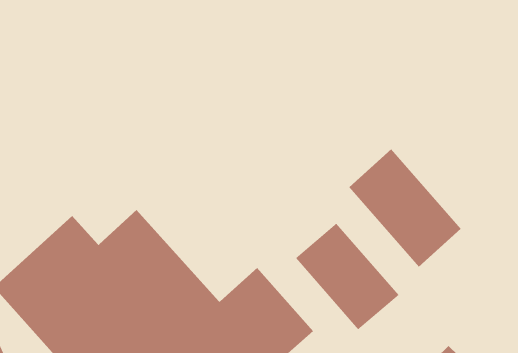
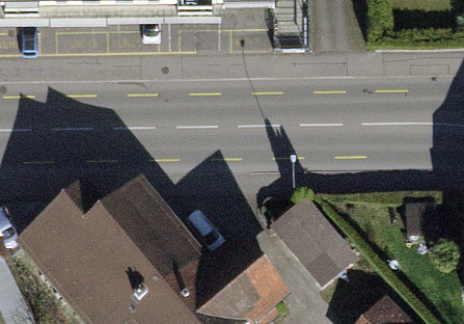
building: [349,149,461,267] -> none

